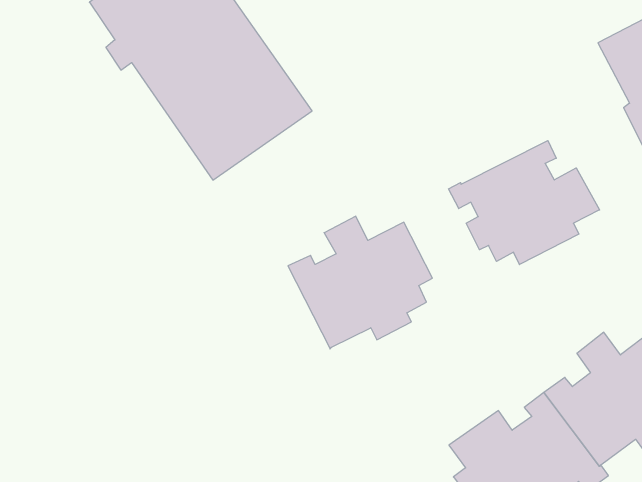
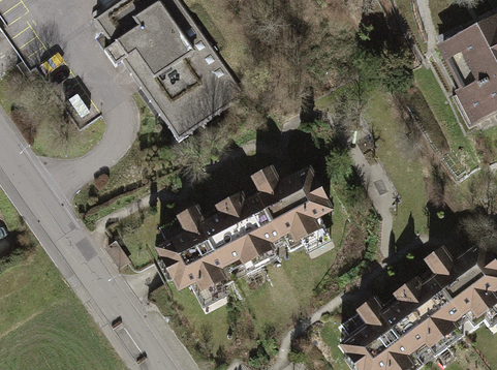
building: [449,141,600,265] -> none
building: none -> [158,199,263,292]

